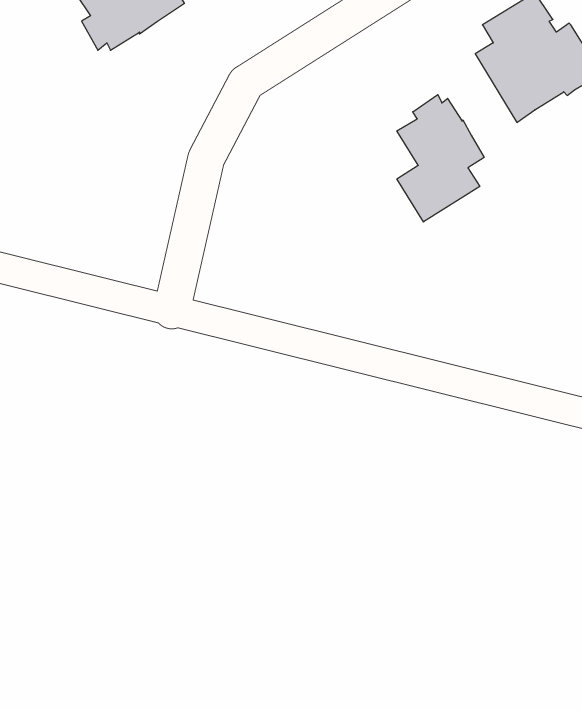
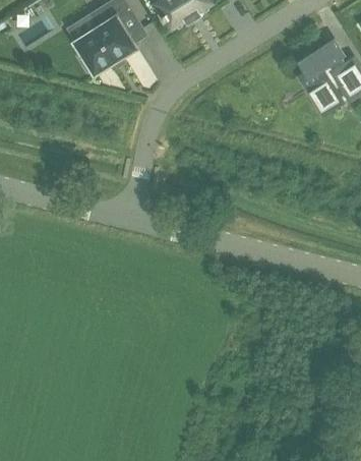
building: [397,95,484,222] -> none

